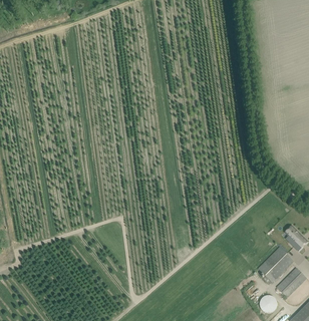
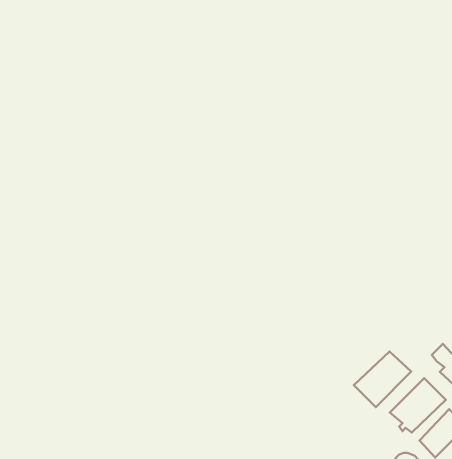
building: none -> [354,352,411,407]

